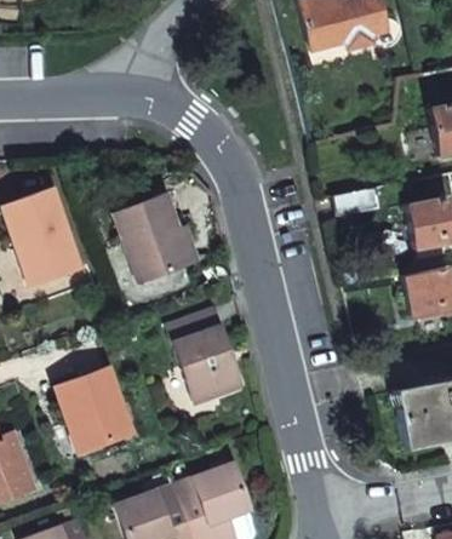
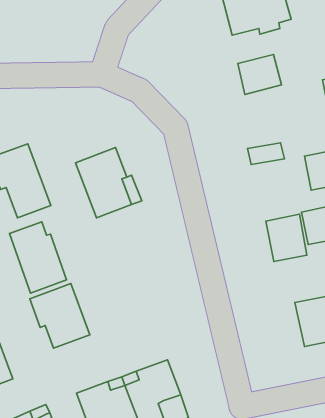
building: none -> [238,54,282,94]
building: none -> [266,214,307,262]
building: [168,311,241,402] -> [9,222,66,293]

